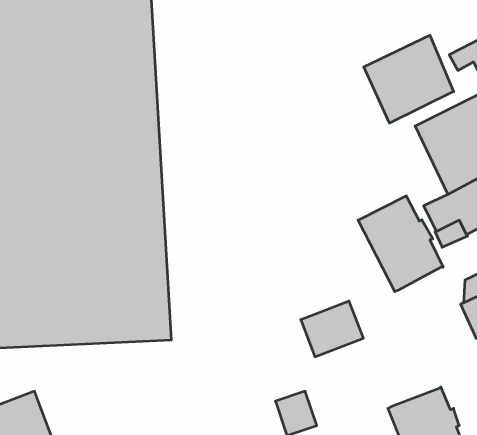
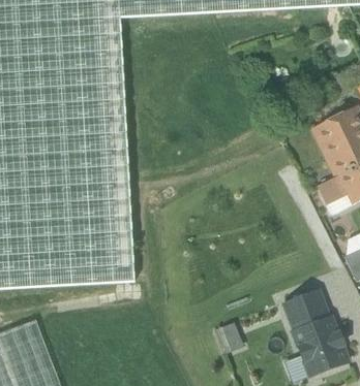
building: [364,35,454,123] -> none
building: [358,196,443,292] -> none
building: [301,301,363,357] -> [282,290,328,330]

